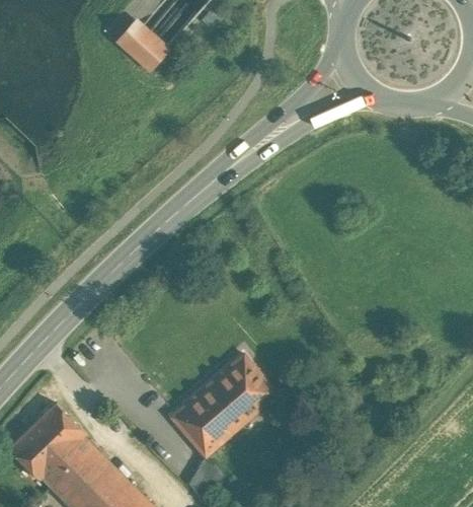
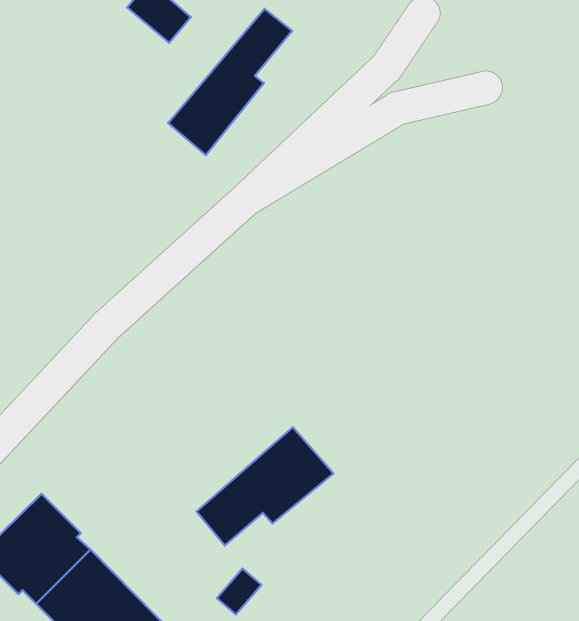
building: none -> [168,9,292,155]
building: [192,419,232,456] -> none

